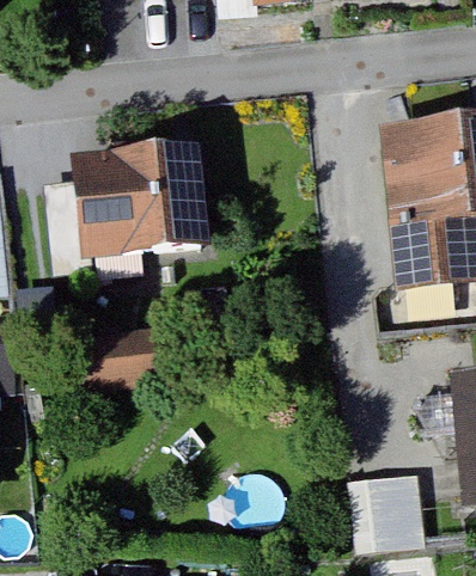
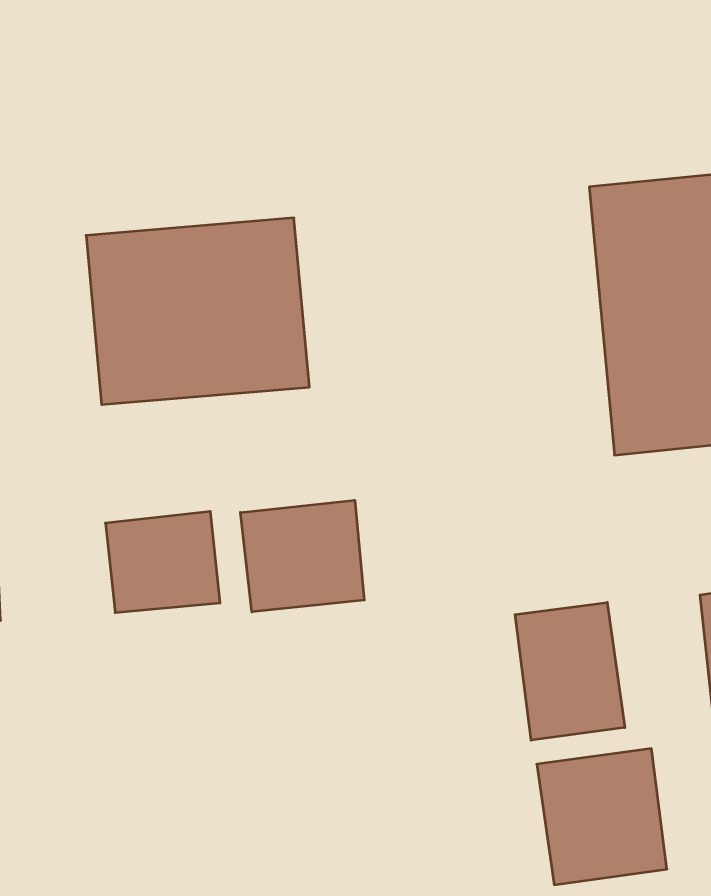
building: none -> [240,500,364,612]
building: none -> [515,602,625,740]

